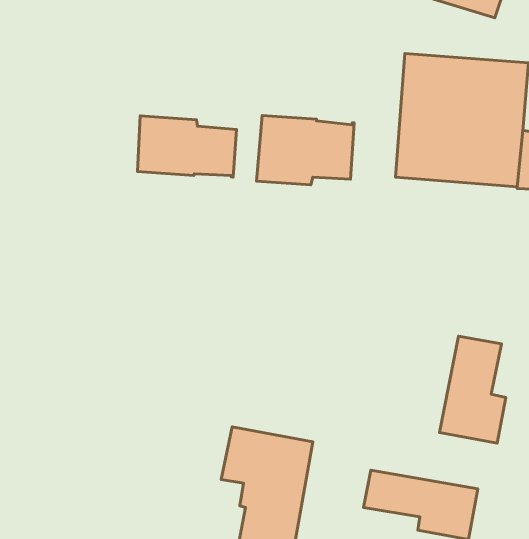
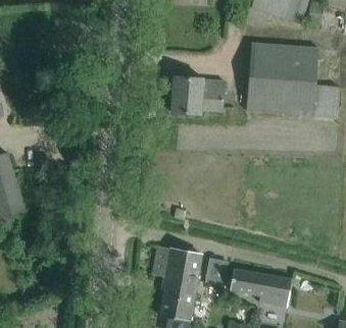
building: [137,116,236,177] -> none
building: [440,336,506,443] -> none

